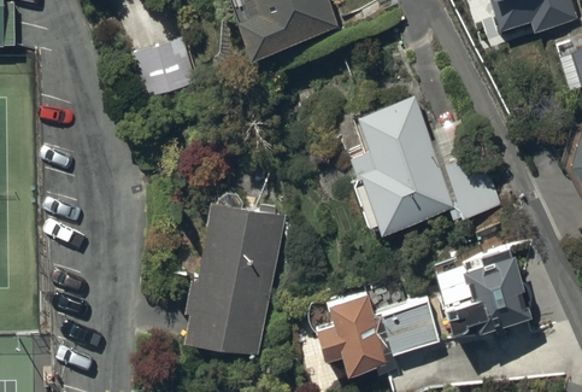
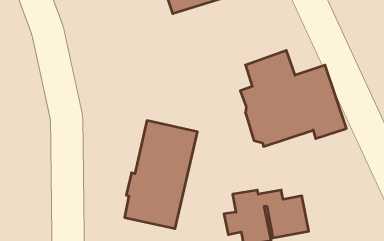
building: [133,40,196,99] -> none
building: [448,262,529,337] -> none

